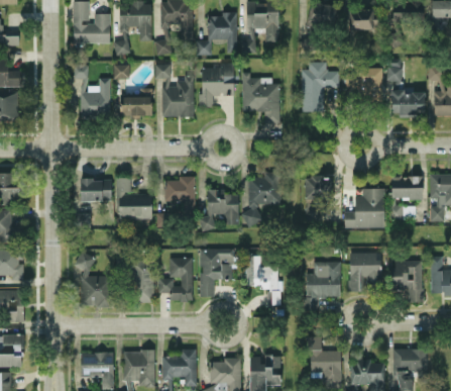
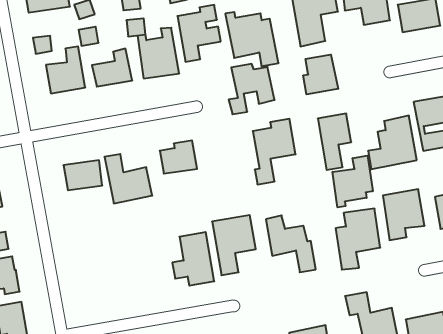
building: none -> [303,55,338,94]
building: [199,190,238,230] -> [229,64,275,114]
building: none -> [333,156,373,207]
building: [74,252,113,308] -> none
building: [132,260,153,303] -> none

